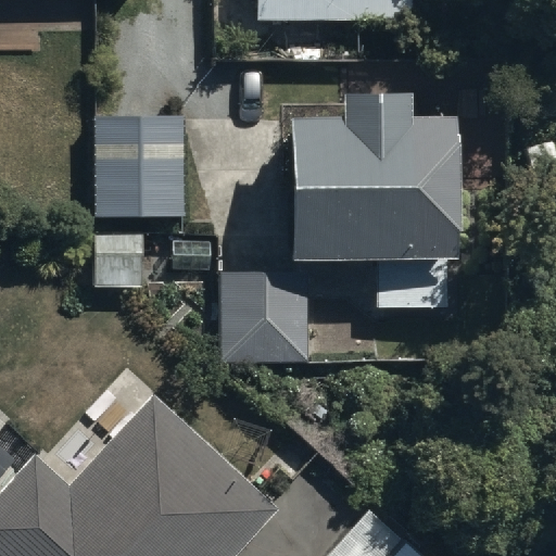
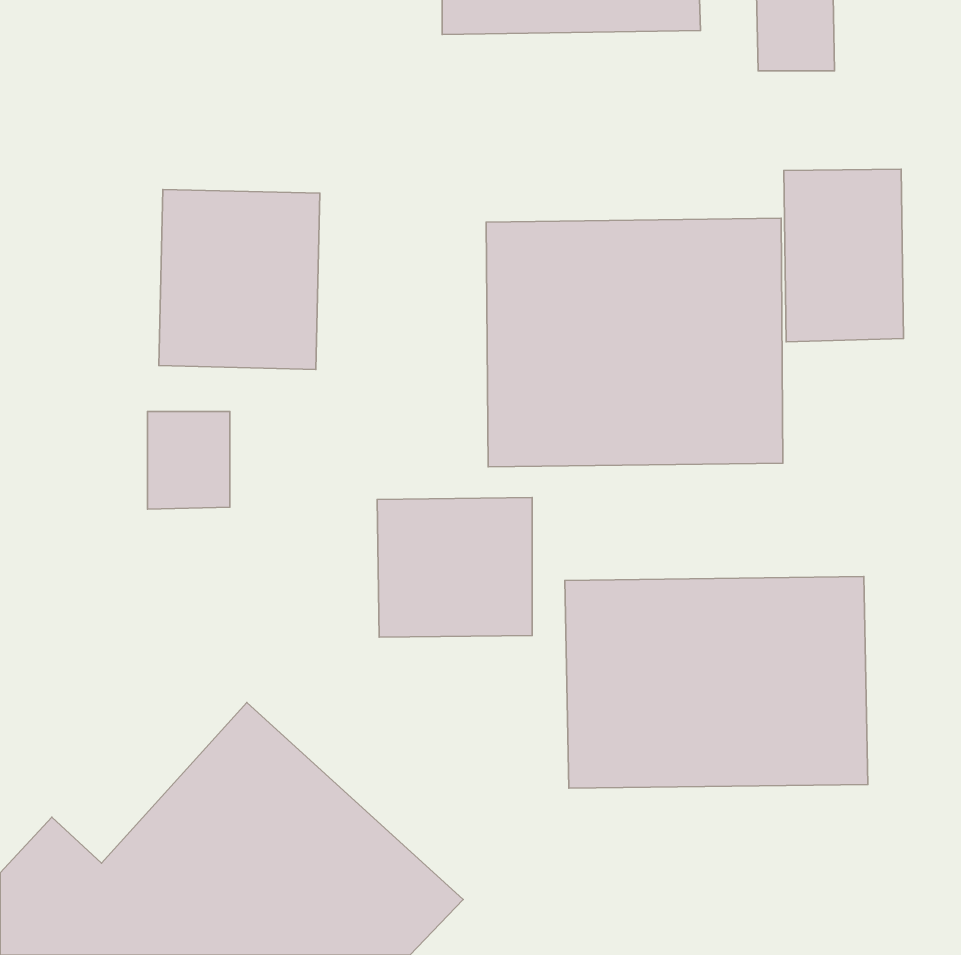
building: none -> [784,169,903,342]
building: none -> [565,577,868,788]

